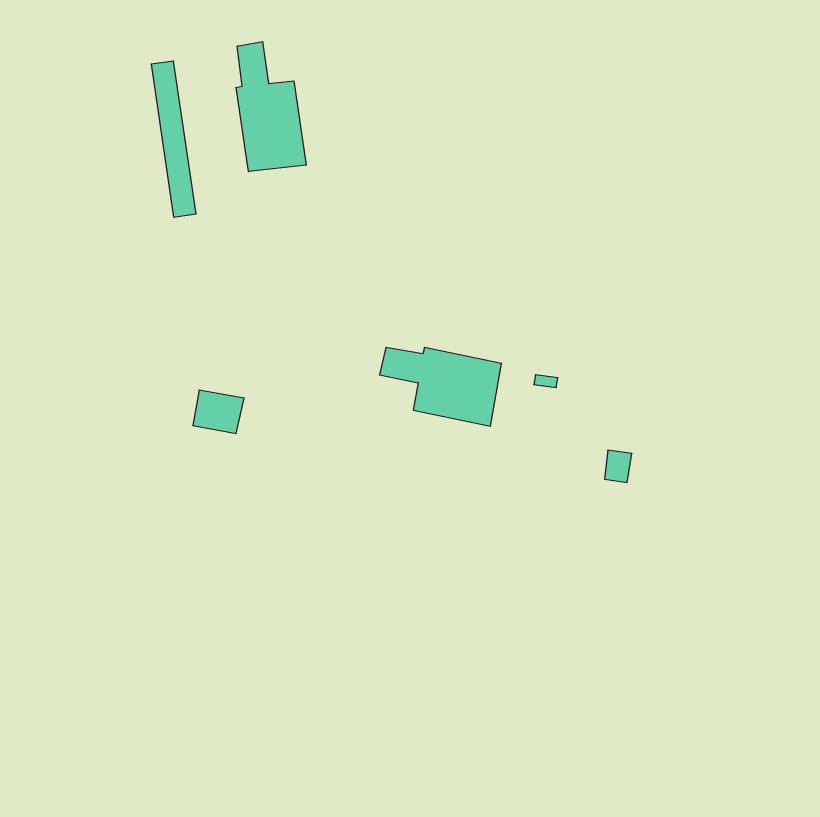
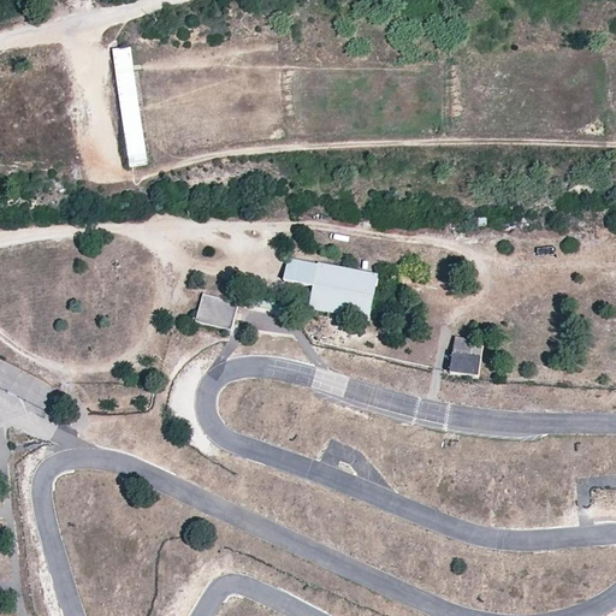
building: [236,42,306,172] -> none
building: [193,390,244,434] -> [197,294,236,326]

